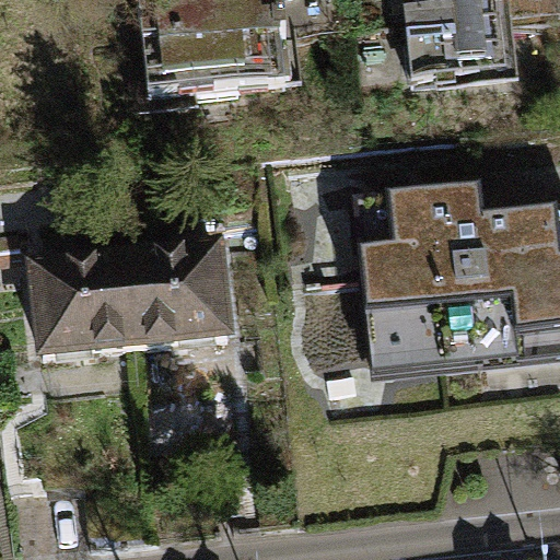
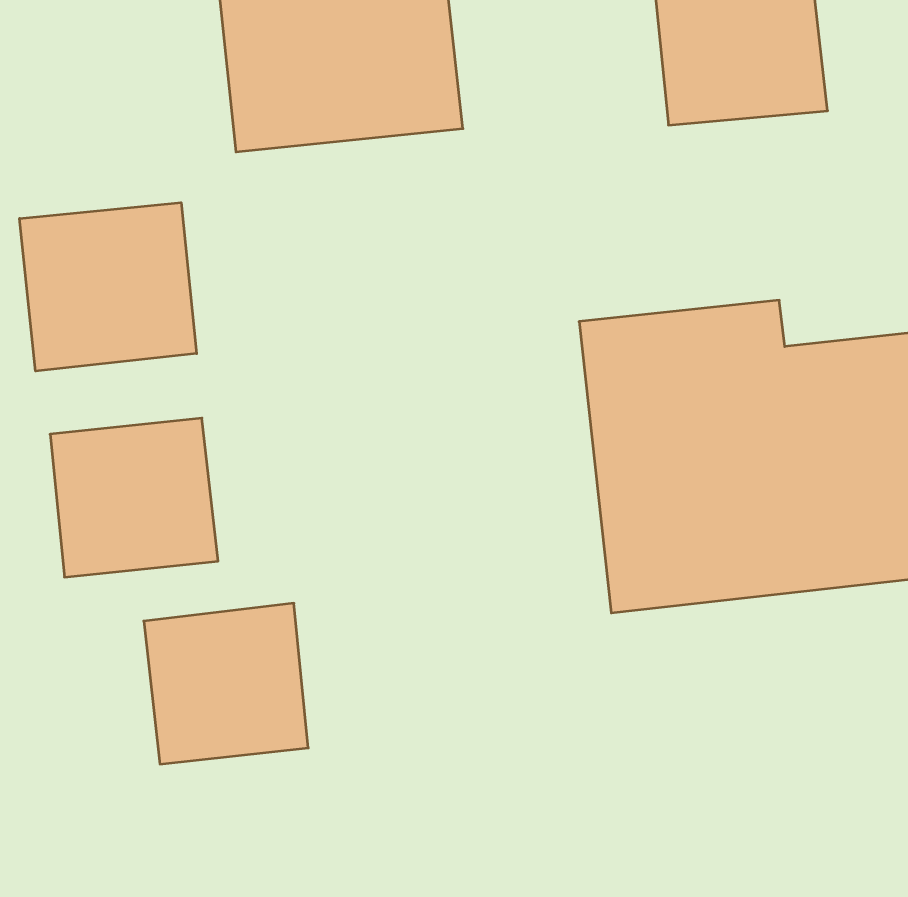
building: none -> [20,203,197,371]
building: [127,245,228,343] -> [144,603,308,764]

